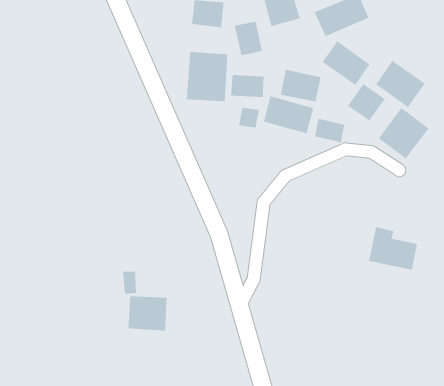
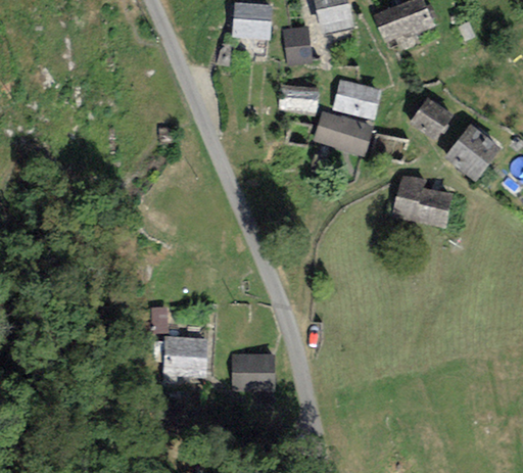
building: [322,40,371,86] -> none
building: [186,51,228,102] -> none
building: [375,60,426,108] -> none
building: [368,226,418,271] -> [394,177,450,227]
building: none -> [231,353,276,390]

